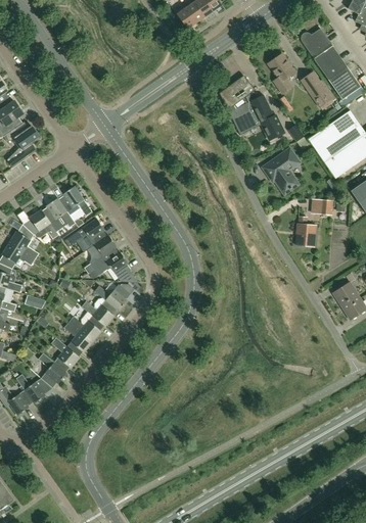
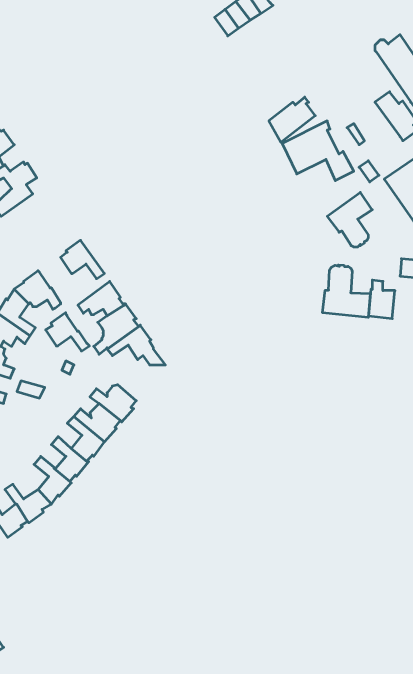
building: [268,54,294,93] -> none
building: [42,197,76,227] -> [46,313,89,351]
building: none -> [323,265,370,317]
building: [94,284,130,311] -> none

